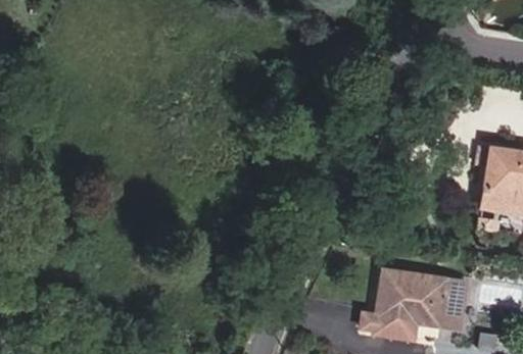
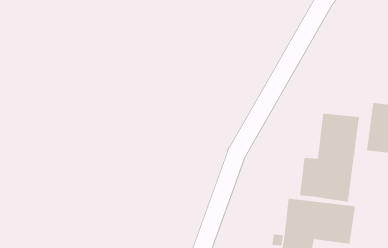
building: none -> [299,113,360,202]

